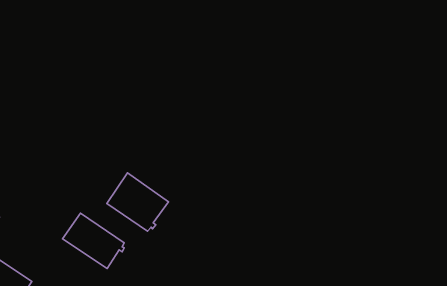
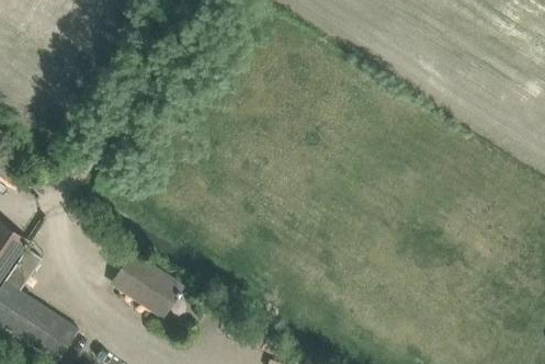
building: [107,173,168,231] -> none

